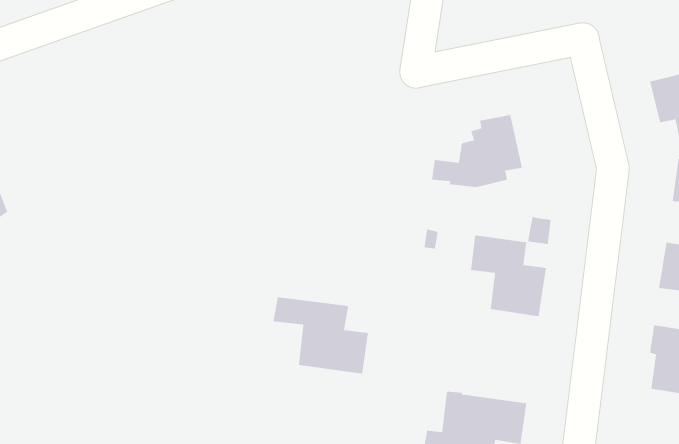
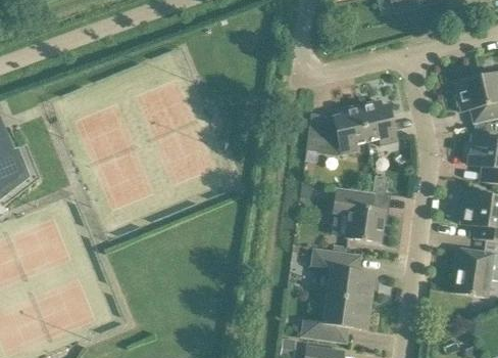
building: none -> [360,100,397,146]
building: [273,296,369,375] -> [310,249,376,302]

